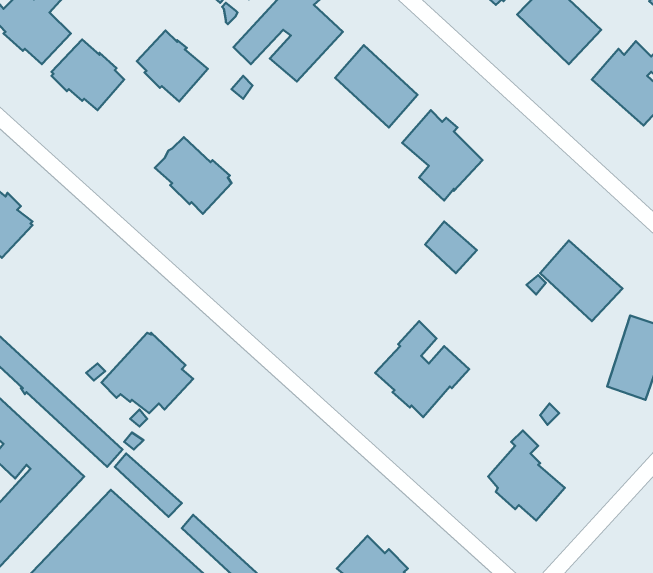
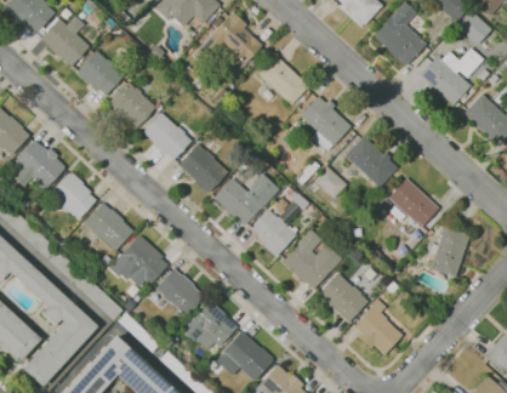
building: [137,30,208,101] -> [110,81,155,126]
building: none -> [344,136,397,187]
building: none -> [178,144,228,193]
building: none -> [51,172,97,220]
building: none -> [213,172,279,226]
building: none -> [251,186,309,256]
building: none -> [84,201,133,250]
building: none -> [155,268,205,315]
building: none -> [317,272,369,321]
building: none -> [182,301,237,349]
building: none -> [216,331,273,381]

